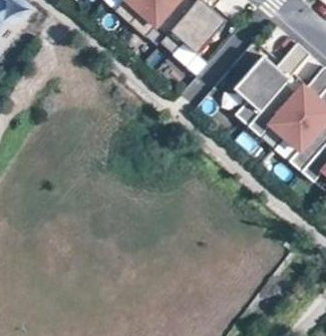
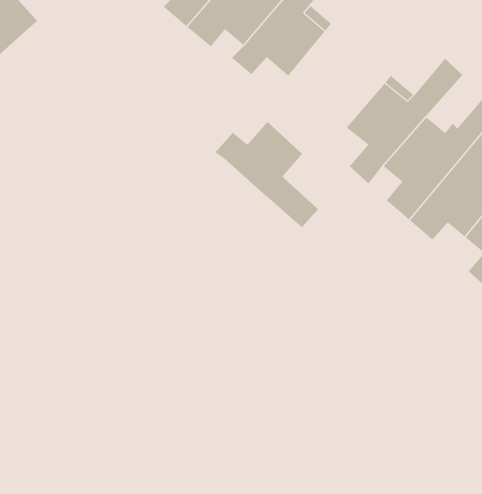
building: none -> [214,121,319,228]

